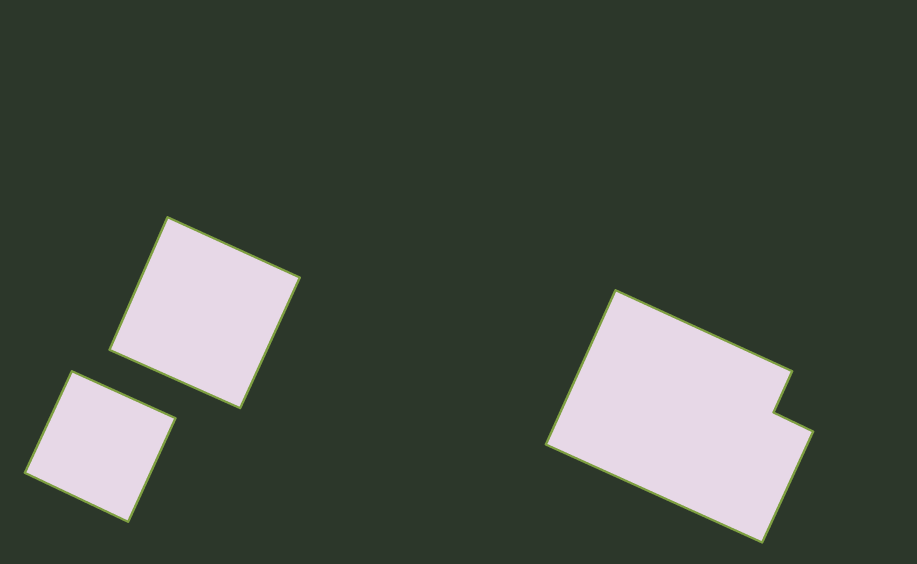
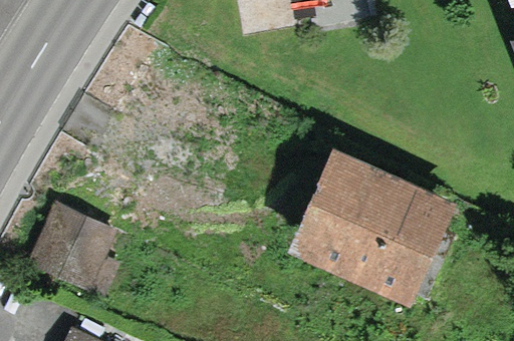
building: [110,217,300,408] -> none

